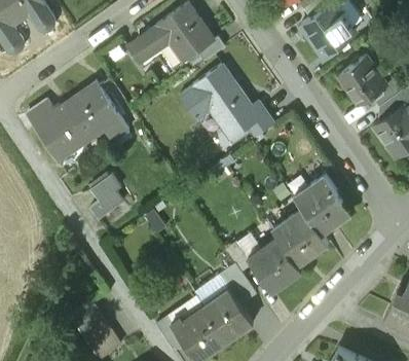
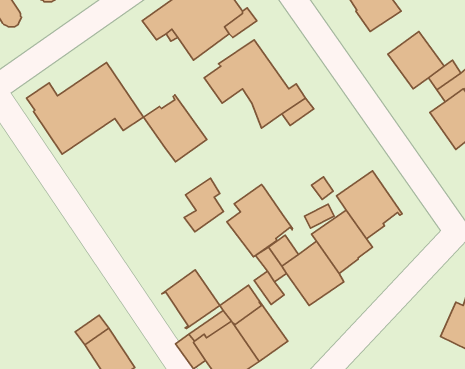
building: none -> [143,95,207,162]
building: [89,174,123,220] -> [184,178,224,232]
building: none -> [227,184,293,257]
building: none -> [162,270,220,328]

